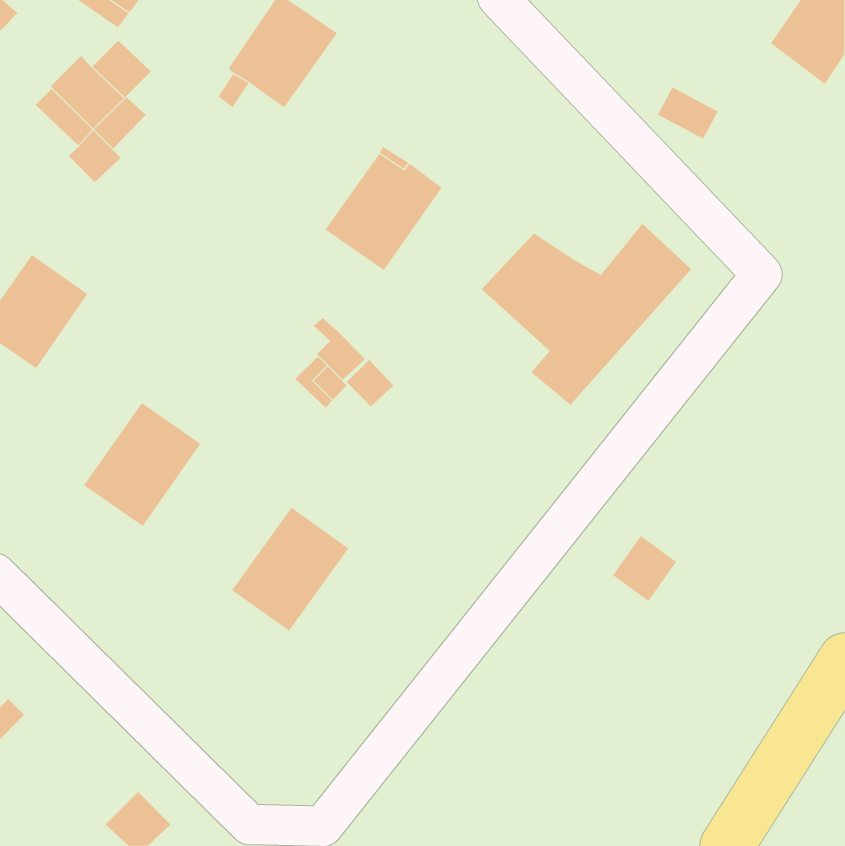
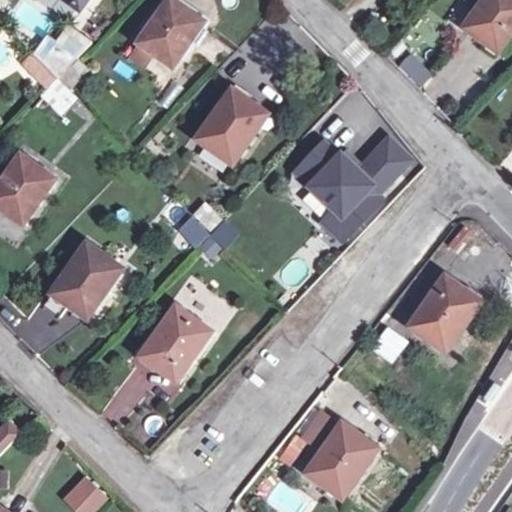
building: none -> [407,274,480,351]
building: none -> [305,421,377,497]

